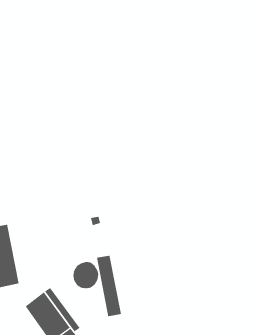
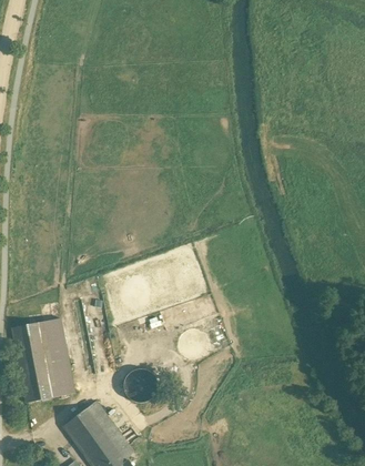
building: [96,255,122,317] -> [43,320,75,397]

